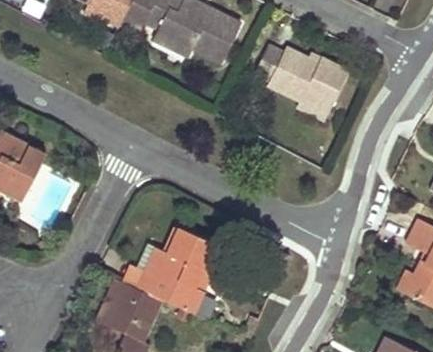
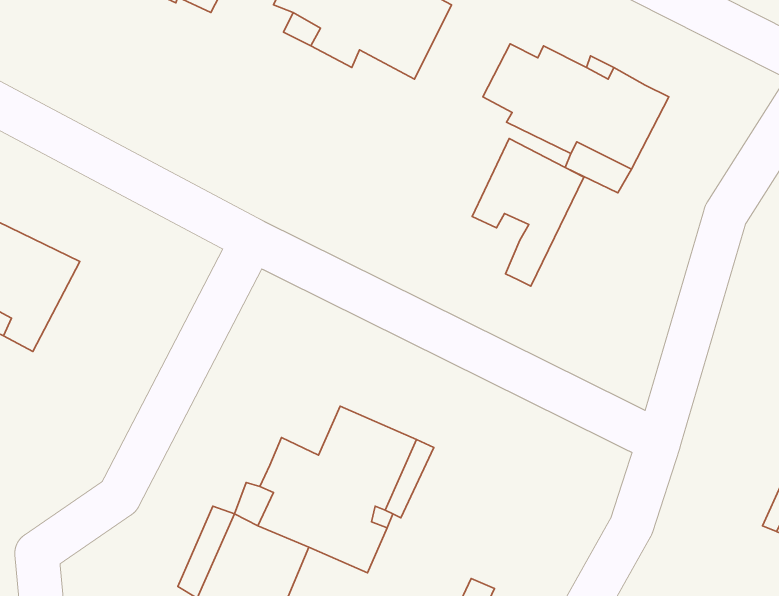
building: none -> [472,138,584,286]

